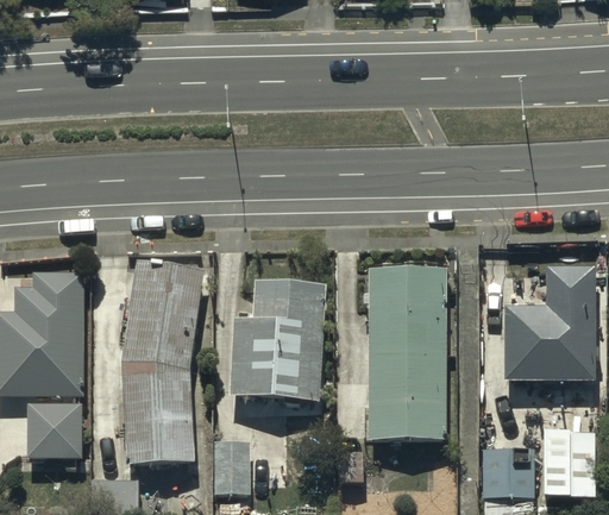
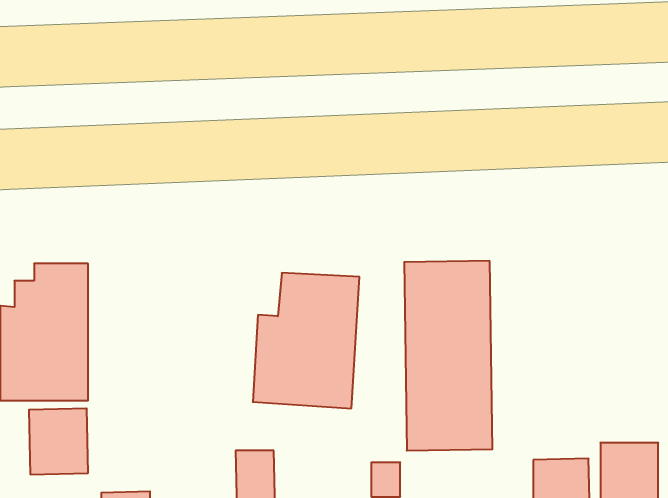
building: [121,259,203,465] -> none
building: [504,265,596,396] -> none

